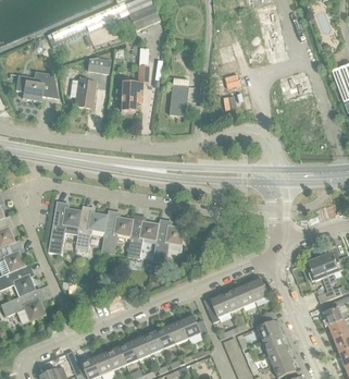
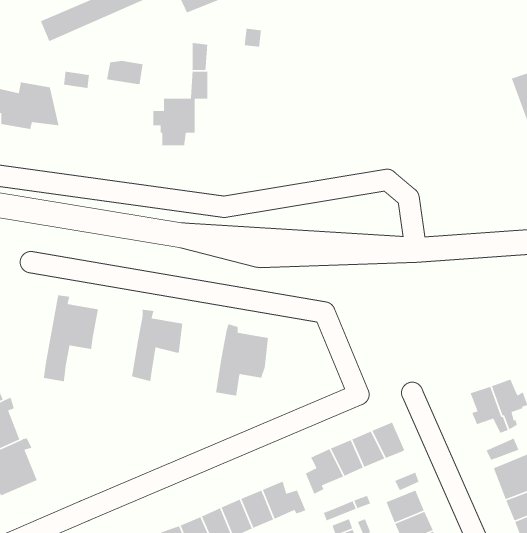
building: [167,76,187,115] -> none
building: [74,80,95,108] -> none
building: [75,205,108,248] -> none
building: [126,213,159,257] -> none

